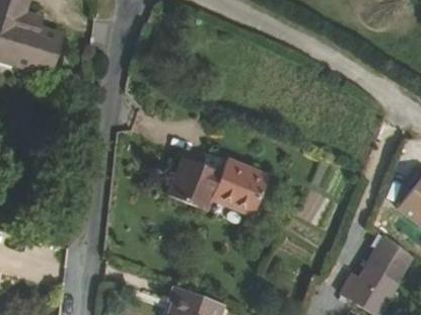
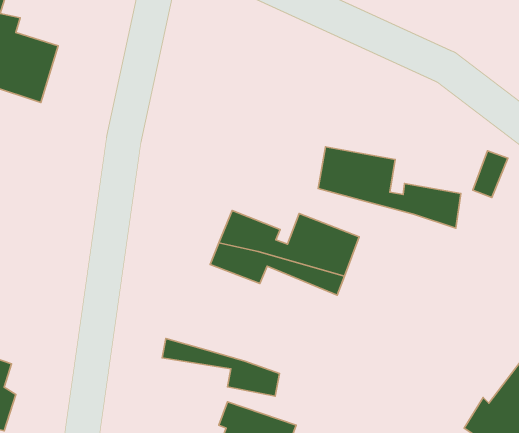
building: none -> [318,147,461,228]
building: none -> [162,338,280,396]

